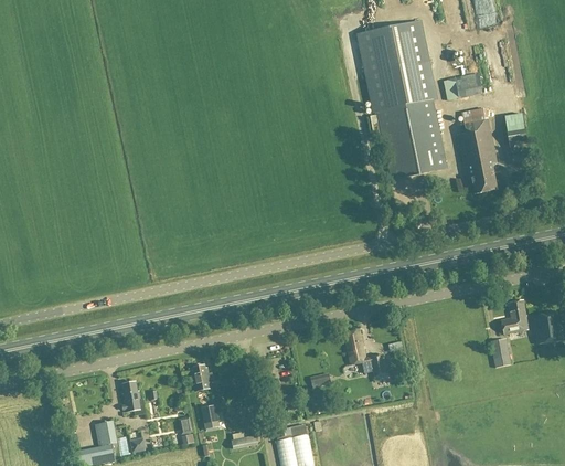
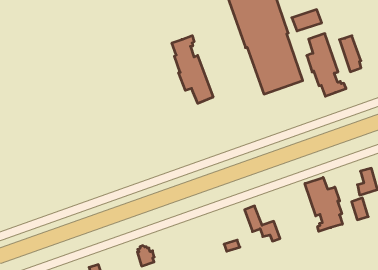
building: none -> [172,36,213,103]
building: none -> [305,177,342,231]

